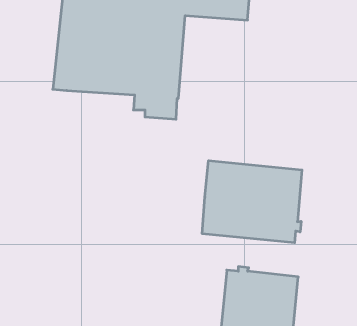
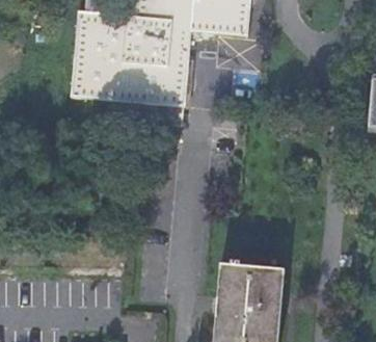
building: [202,161,302,243] -> none

